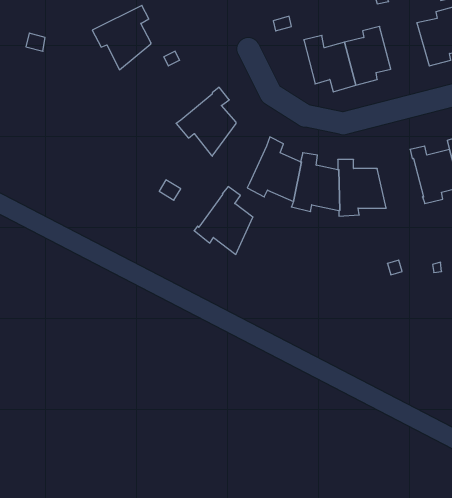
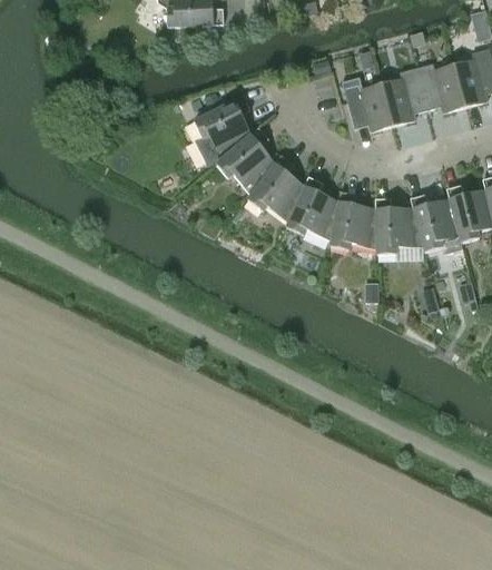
building: [92,5,151,70] -> [194,96,252,159]
building: none -> [416,62,465,112]
building: none -> [411,194,460,252]
building: [194,187,253,254] -> [247,155,305,222]

